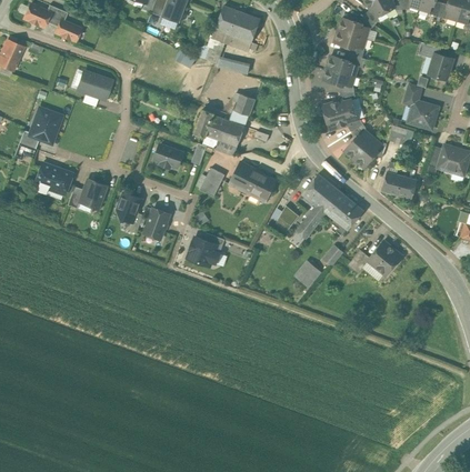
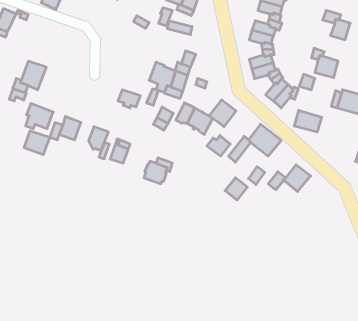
building: [78,72,110,99] -> none
building: [303,174,338,209] -> [209,100,236,127]
building: none -> [24,131,50,155]

